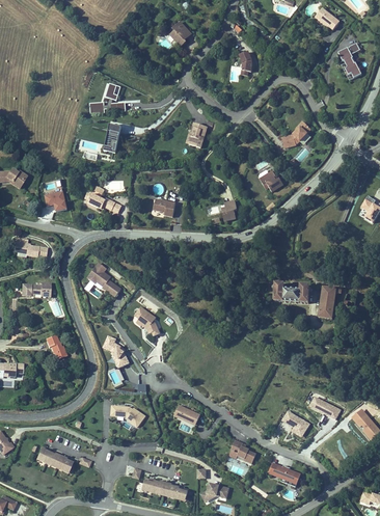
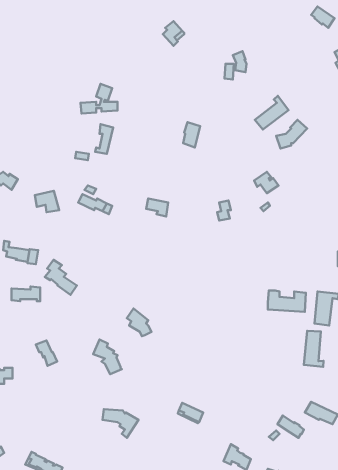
building: none -> [255,96,289,130]
building: [89,262,120,296] -> [45,260,77,295]
building: none -> [304,331,323,367]

